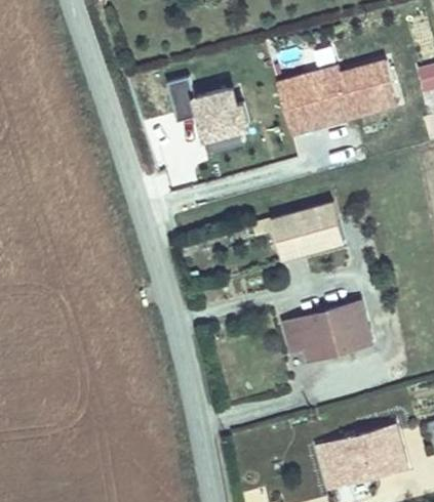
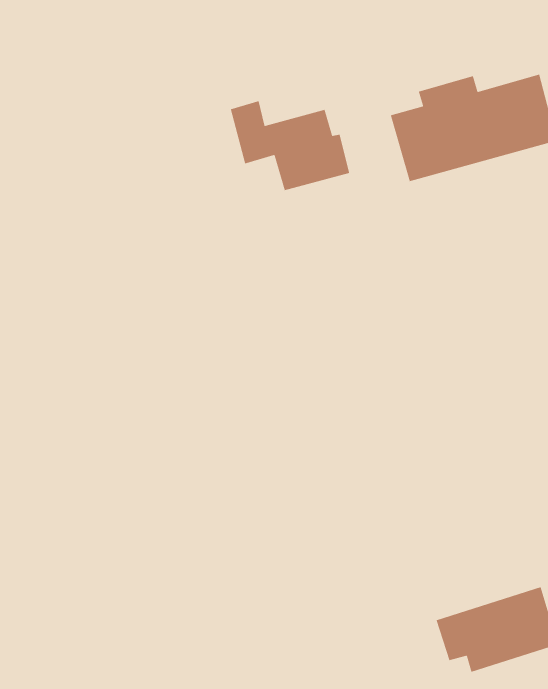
building: [272,203,341,259] -> none
building: [286,303,371,364] -> none

